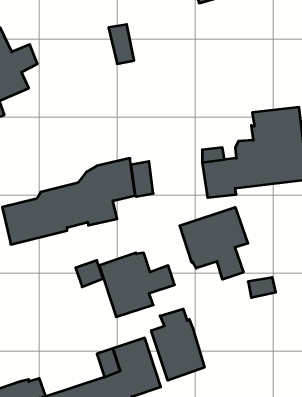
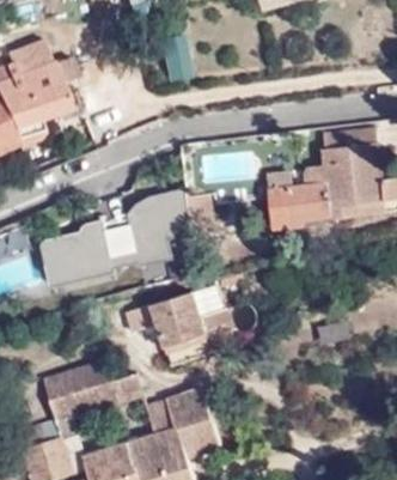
building: [180,207,248,279] -> none
building: [151,309,204,380] -> none
building: none -> [43,361,142,421]

